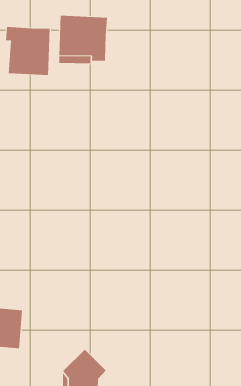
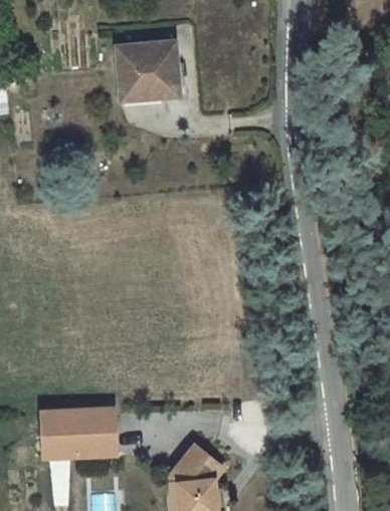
building: [5,26,50,76] -> none

